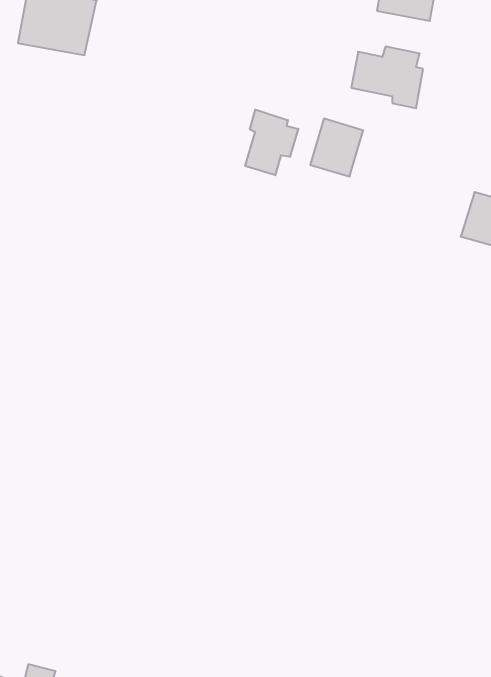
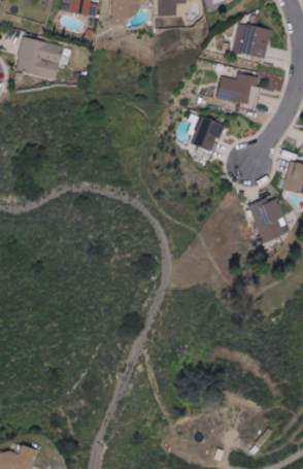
building: [245,110,298,175] -> none
building: none -> [250,198,291,242]

